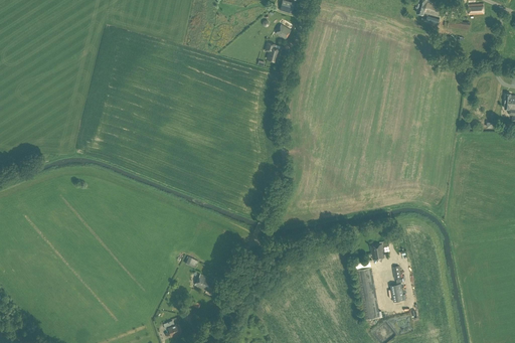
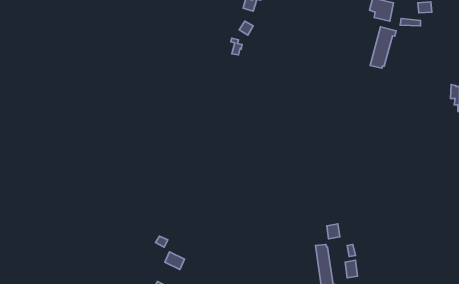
building: none -> [370,27,396,68]

